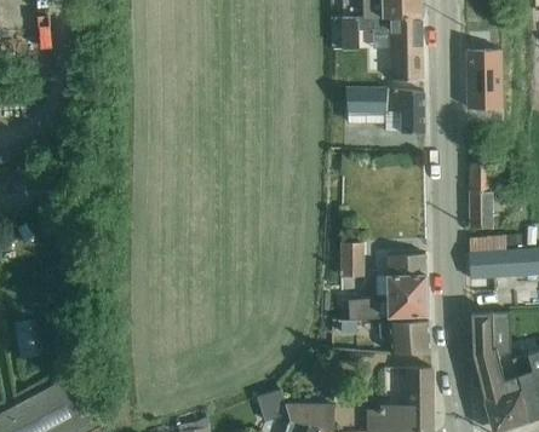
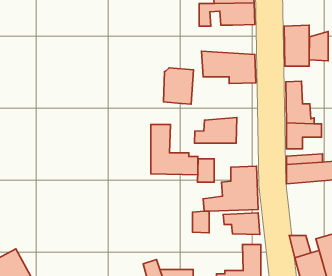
building: [390,48,423,81] -> none
building: none -> [309,32,328,61]
building: none -> [163,68,193,104]
building: none -> [195,118,237,143]
building: none -> [151,125,198,175]
building: [470,312,510,355] -> none

